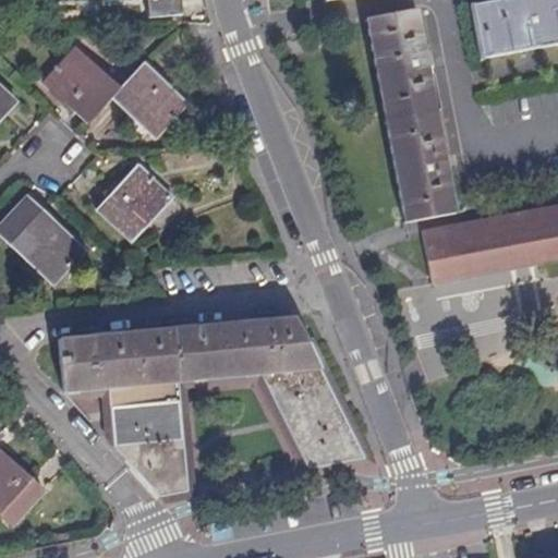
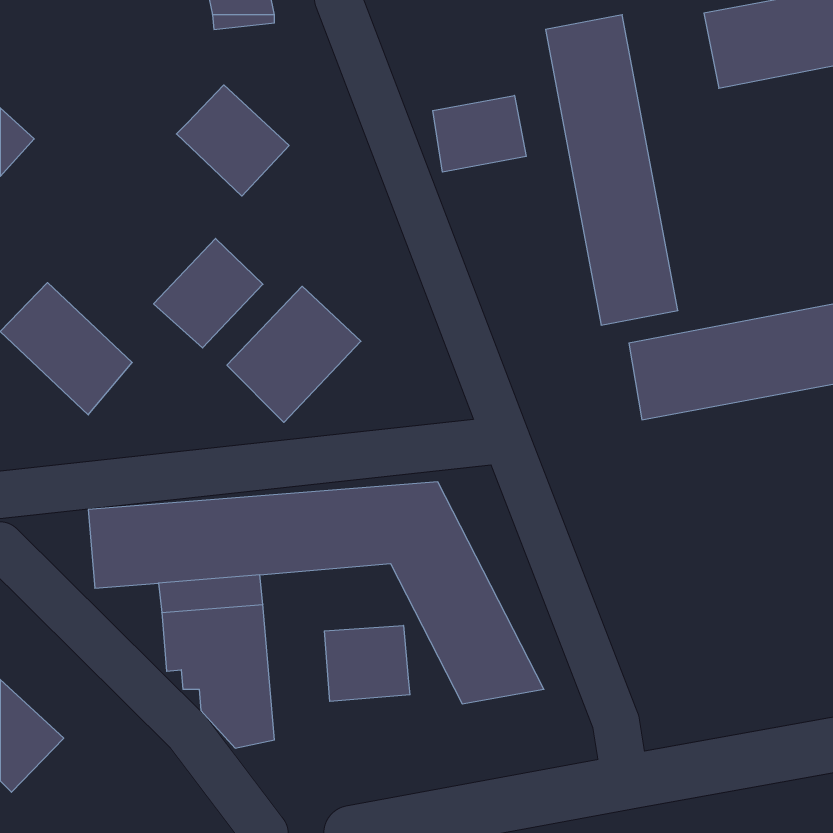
building: [51,41,126,114] -> none
building: none -> [433,95,526,172]
building: none -> [227,286,361,422]
building: none -> [324,625,410,701]

